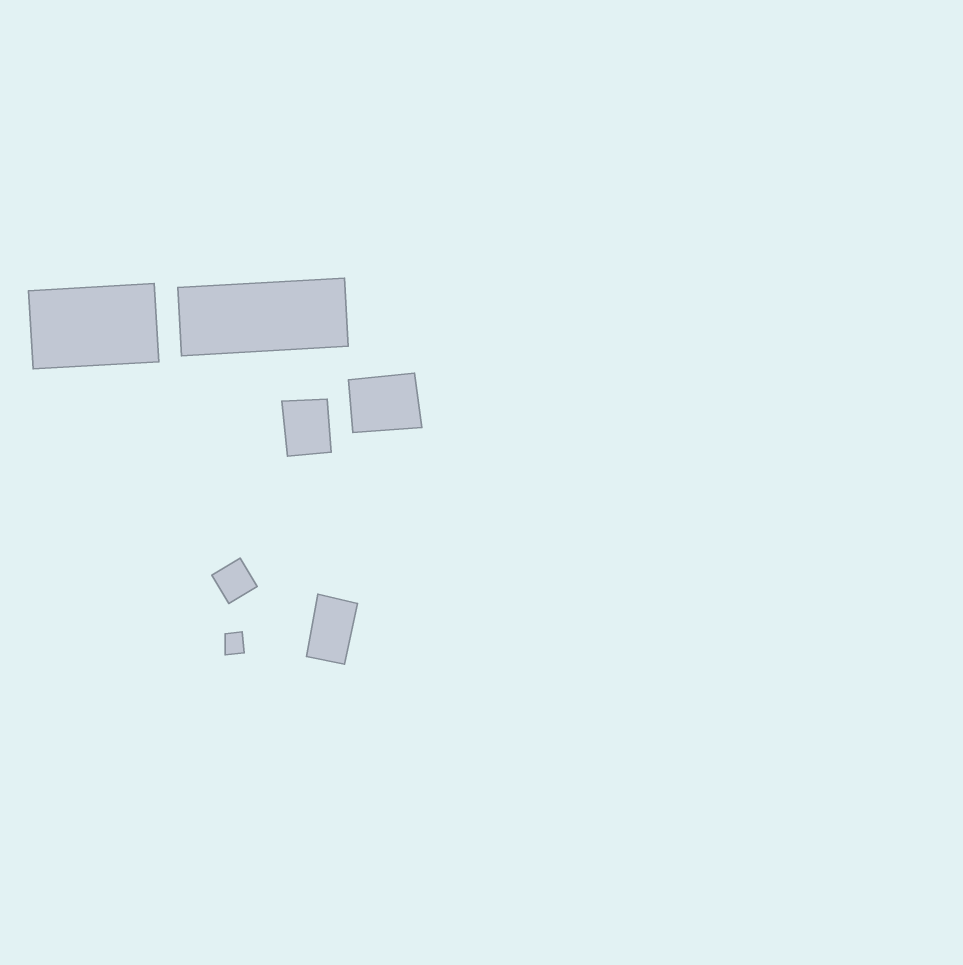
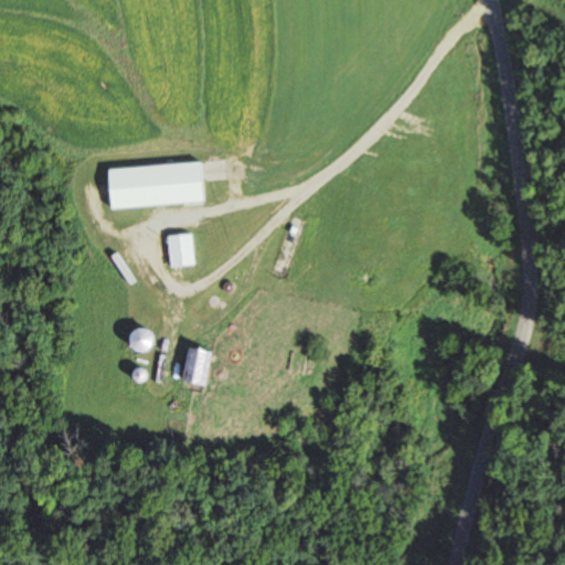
building: [29,284,159,369] -> none
building: [348,373,422,433] -> none

